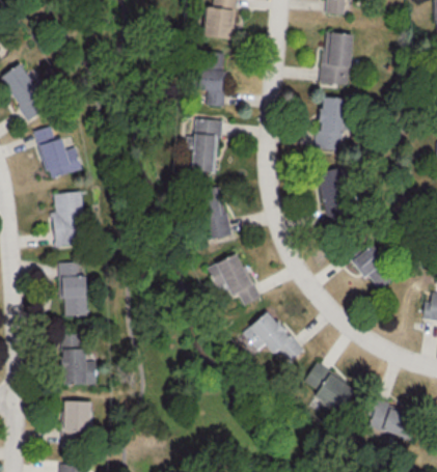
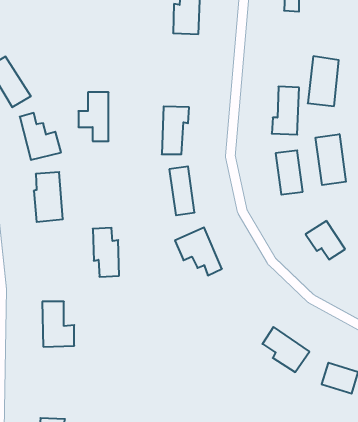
building: [319,31,353,86] -> [308,56,339,106]
building: [190,52,223,106] -> [78,92,109,141]
building: none -> [316,134,346,185]
building: [57,262,86,316] -> [93,228,119,277]
building: [242,311,303,363] -> none
building: [62,401,90,448] -> none

